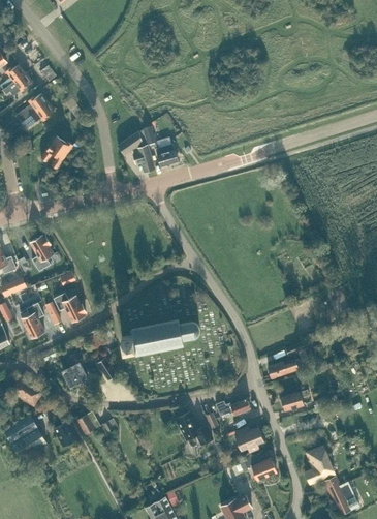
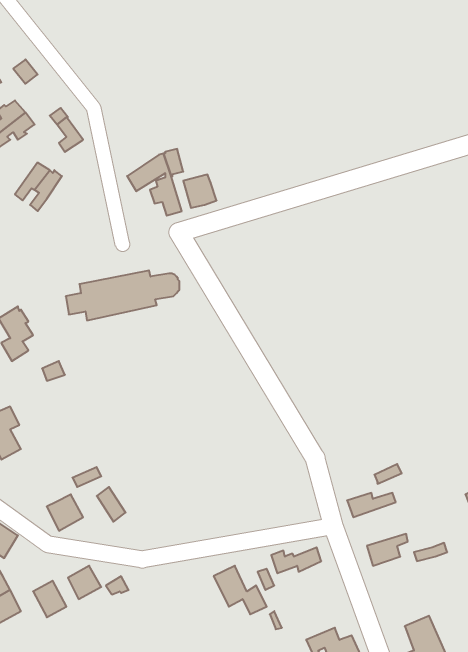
building: [53,293,85,323] -> none
building: [121,320,198,355] -> [66,270,179,320]
building: [234,426,263,453] -> none

